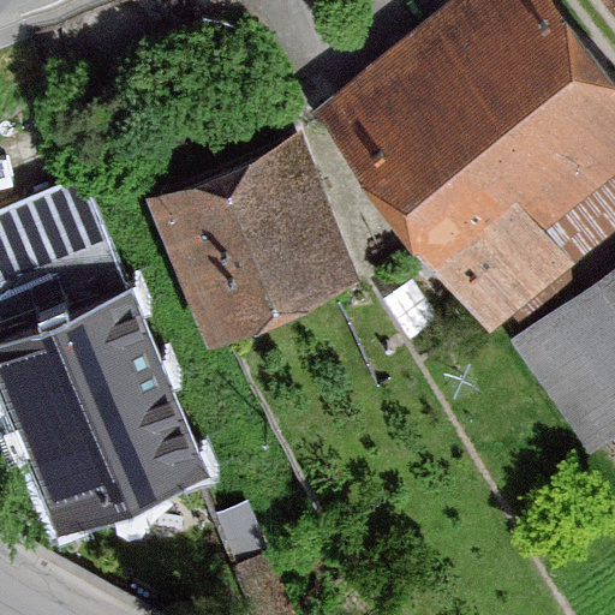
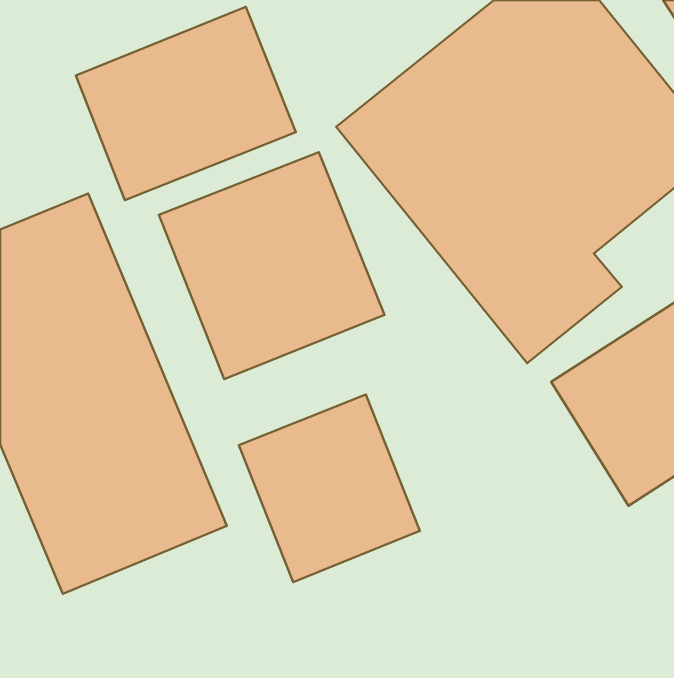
building: none -> [76,7,296,200]
building: none -> [239,395,420,582]

